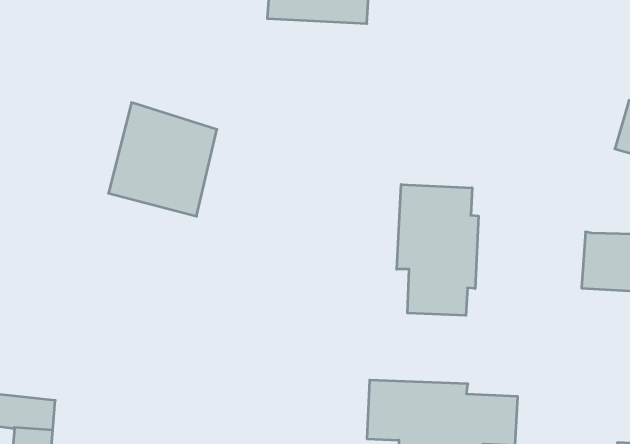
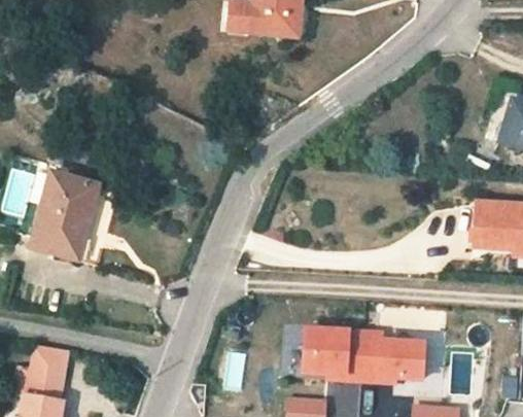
building: [108,103,217,216] -> [24,172,111,264]
building: [397,184,478,315] -> none

